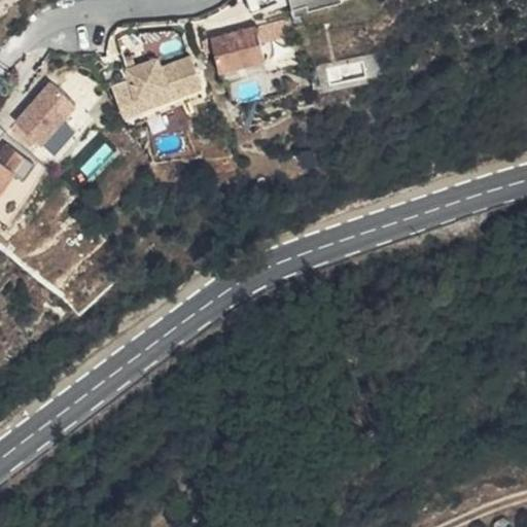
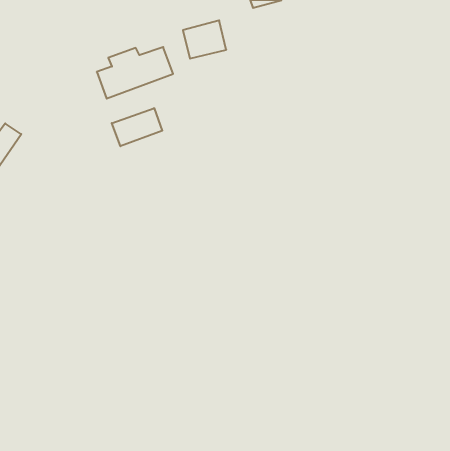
building: [16,83,74,144] -> none
building: none -> [112,108,162,146]

